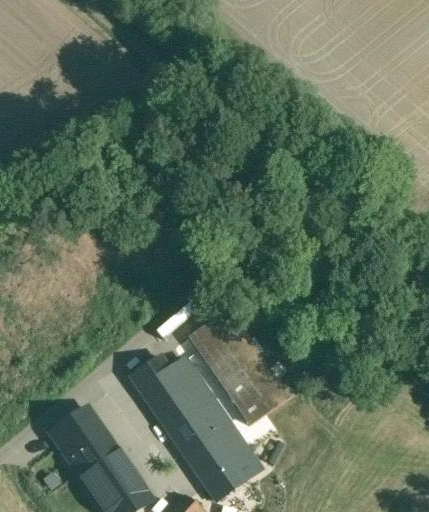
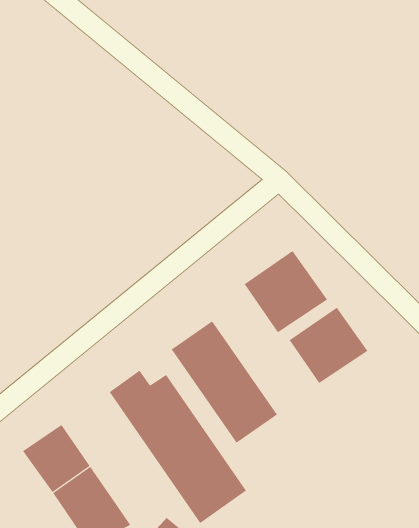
building: none -> [244,250,328,333]
building: none -> [289,307,368,384]

